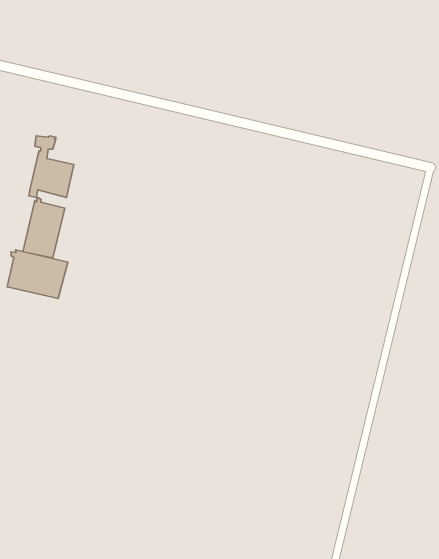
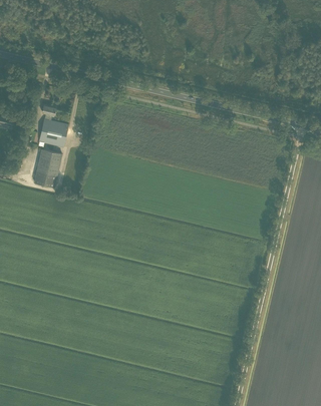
building: [7,250,68,299] -> none

